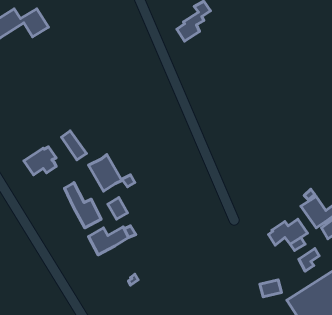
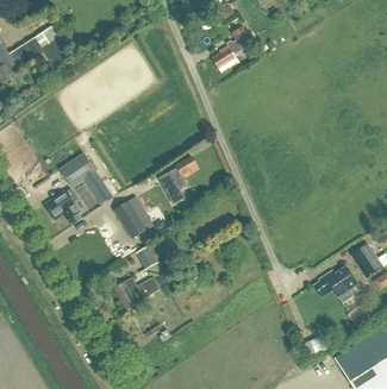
building: none -> [160,156,198,202]
building: none -> [61,157,94,188]
building: [65,183,101,228] -> none

